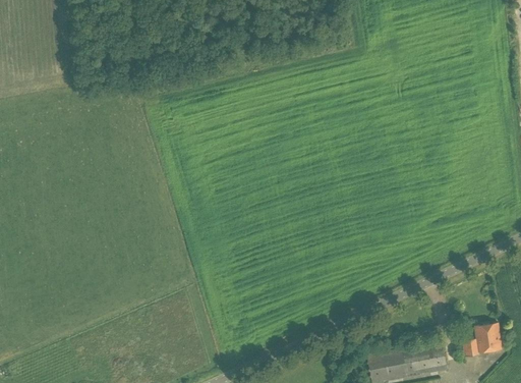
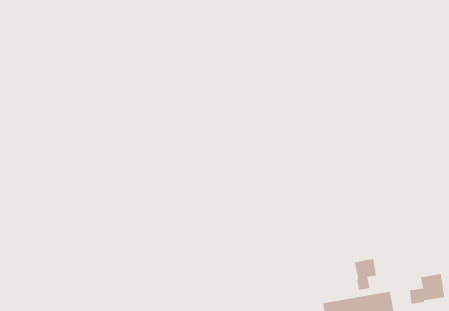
building: none -> [354,258,377,291]

